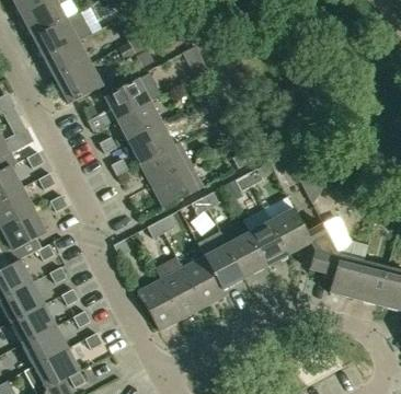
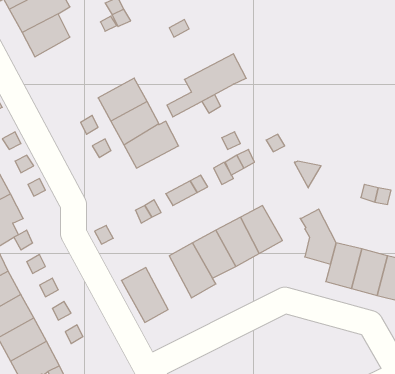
building: [57,62,102,103] -> none
building: [88,72,162,131] -> [167,54,246,117]
building: [152,164,204,207] -> none
building: [271,208,311,253] -> none
building: [161,267,204,317] -> none

